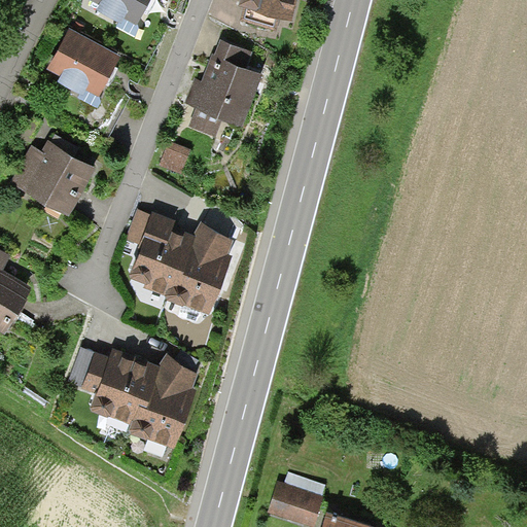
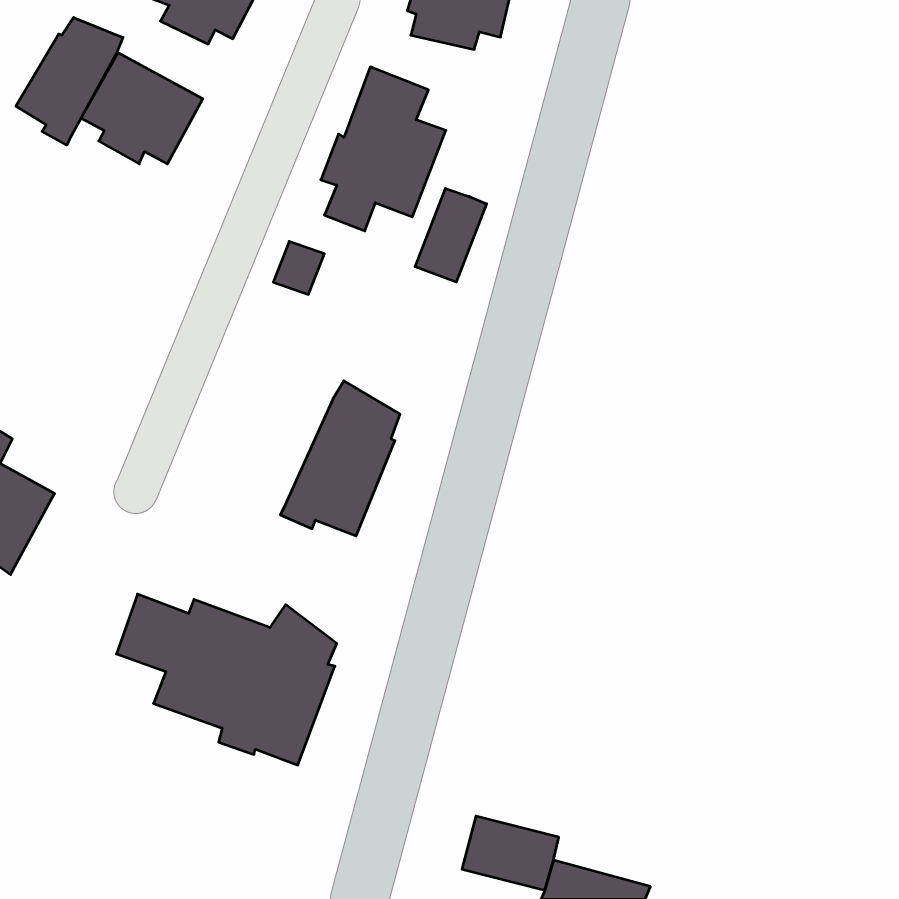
building: none -> [16,17,123,145]
building: none -> [415,188,487,282]
building: [11,142,95,216] -> none
building: [127,208,195,296] -> none

